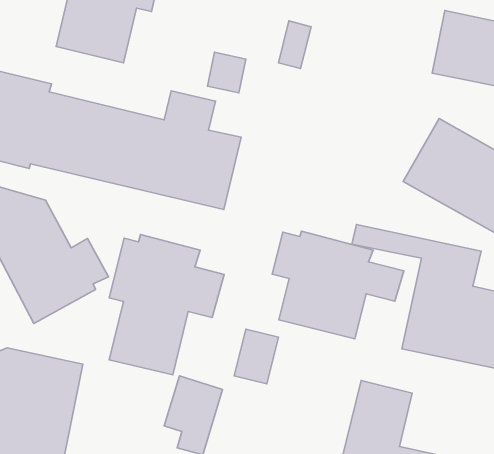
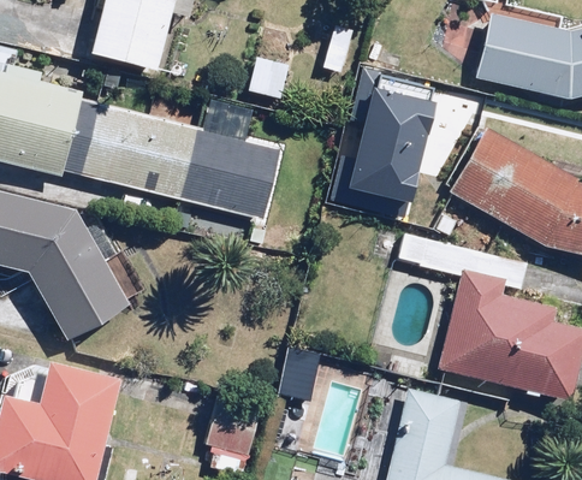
building: none -> [323,81,429,217]
building: [272,231,404,339] -> none
building: [109,234,224,375] -> none

